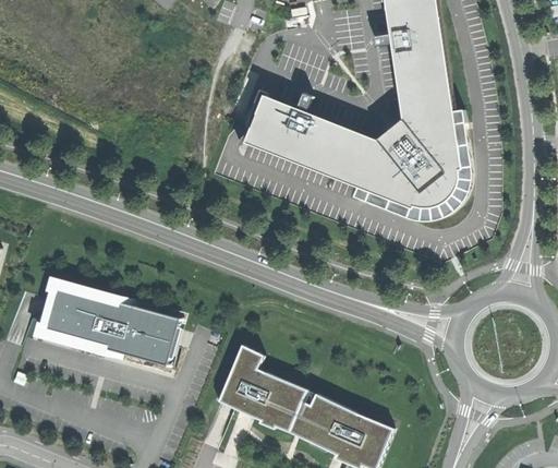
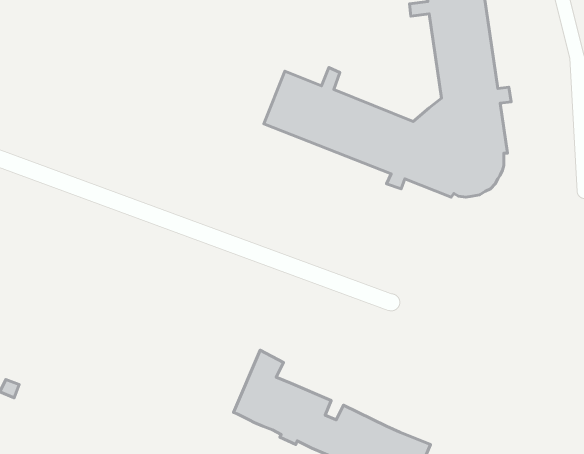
building: [366,123,472,220] -> none
building: [32,275,182,368] -> none

